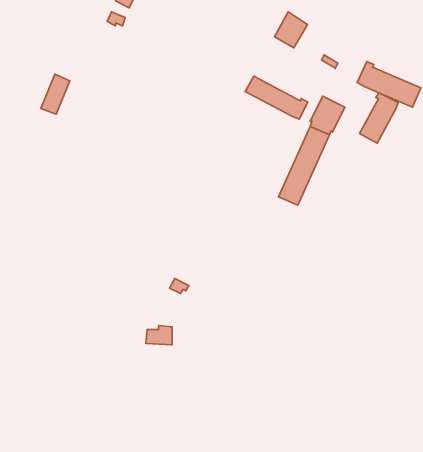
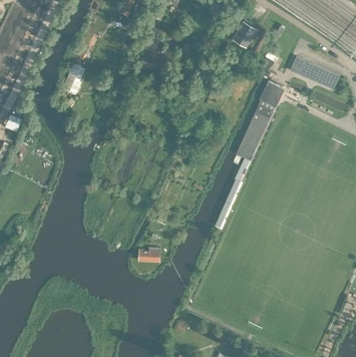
building: [245,76,308,119] -> none
building: [359,93,398,143] -> none

